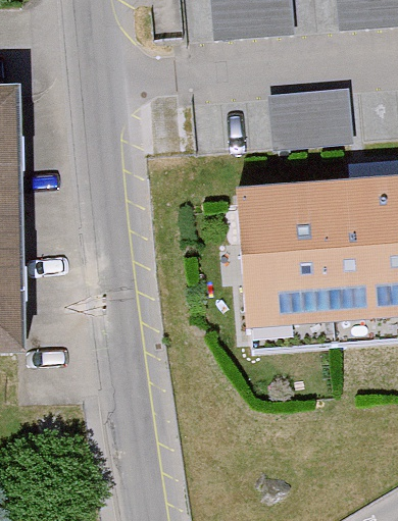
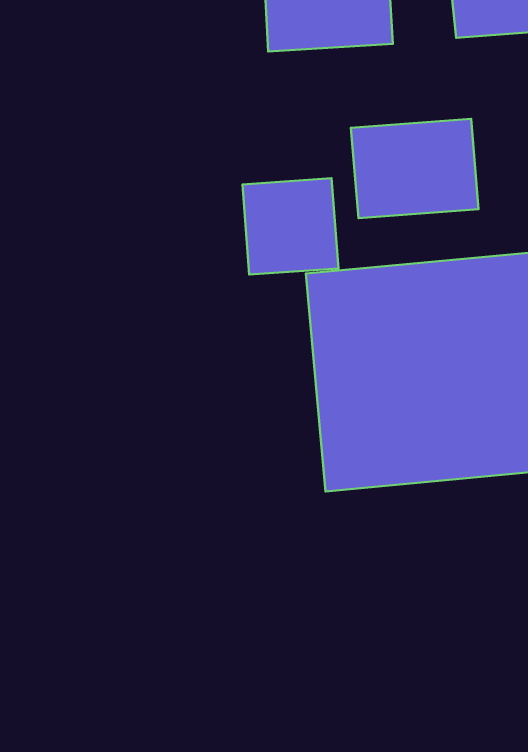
building: none -> [242,178,338,275]

